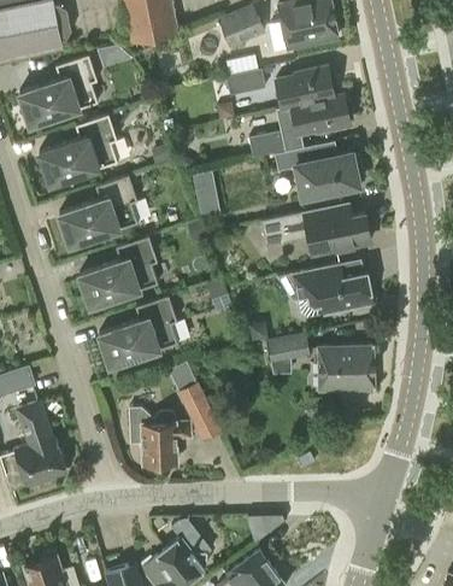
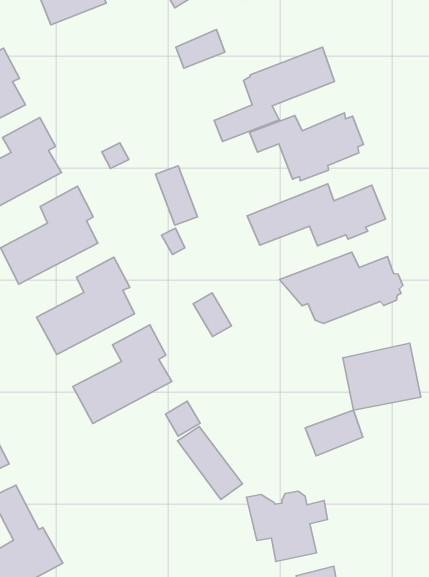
building: [276,70,343,109] -> none
building: [265,333,310,364] -> [305,410,363,456]
building: [128,410,189,465] -> [246,491,327,562]

